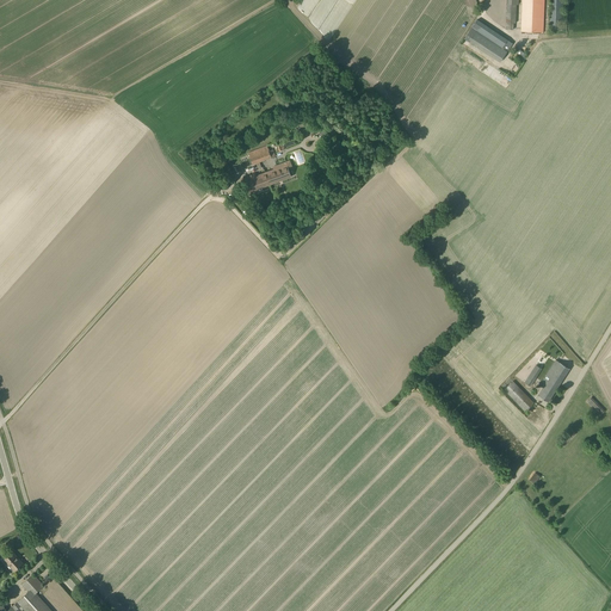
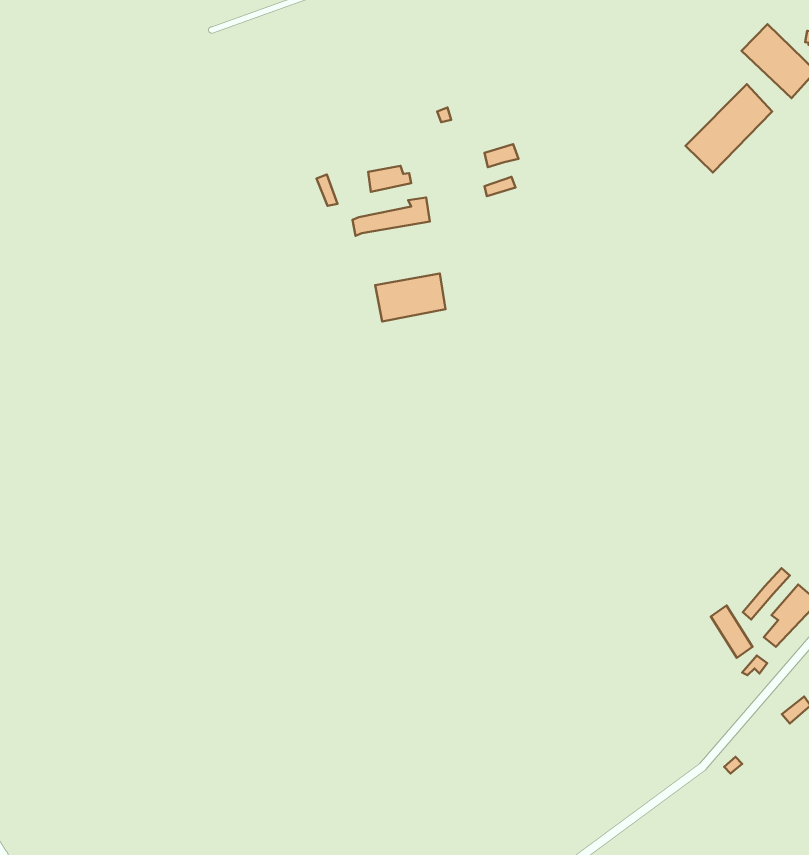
building: none -> [685,84,772,173]
building: none -> [375,274,445,322]

